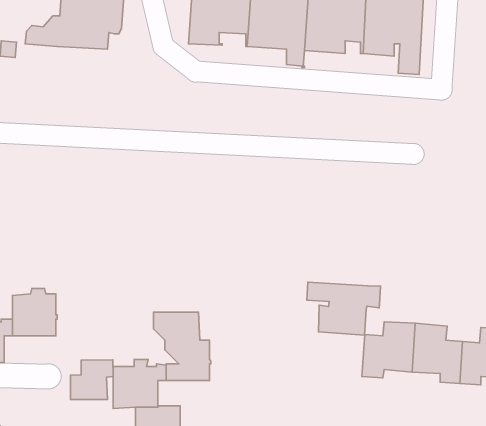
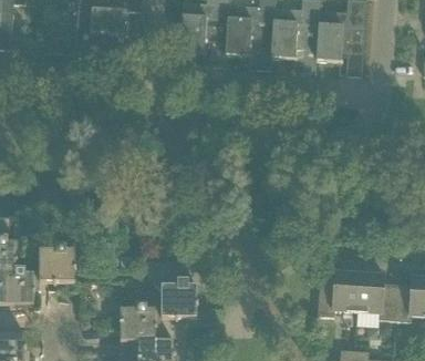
building: [307,282,381,335] -> none
building: [70,360,113,400] -> none

